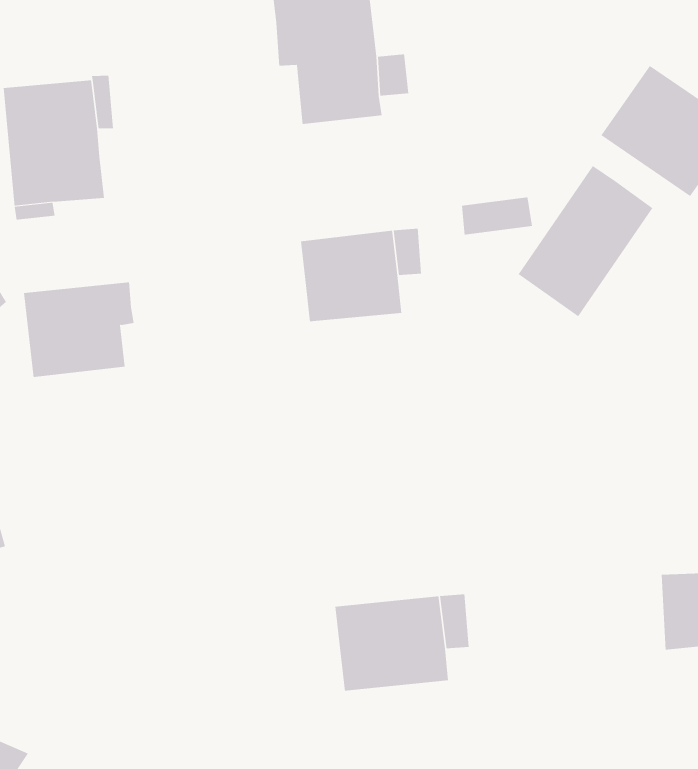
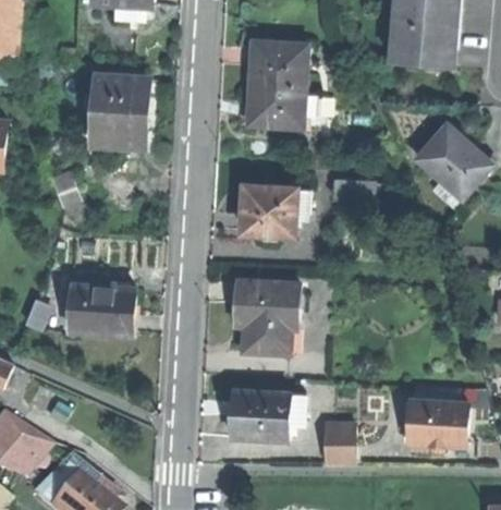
building: [518,165,653,317] -> none
building: [23,282,134,378] -> [76,287,137,336]
building: none -> [234,281,296,352]
building: none -> [322,423,354,464]

